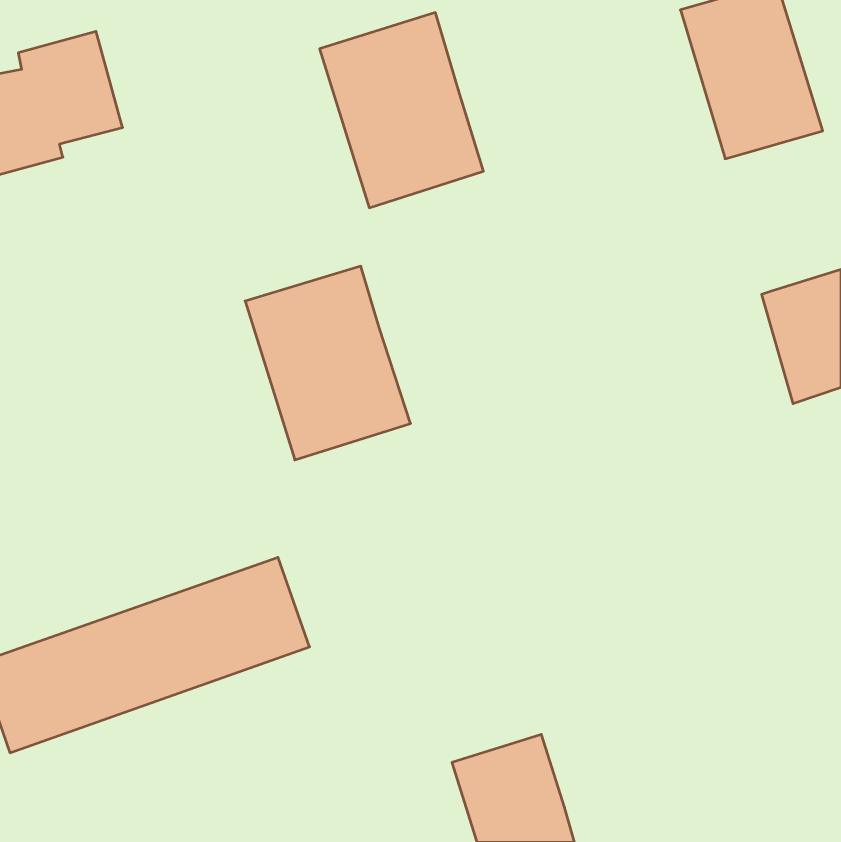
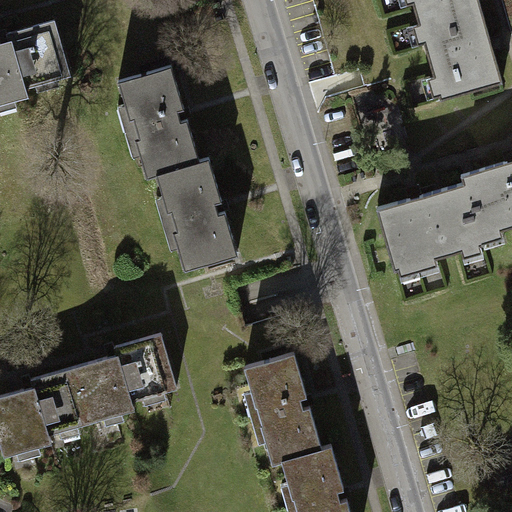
building: [320,13,483,208] -> [112,58,211,176]
building: none -> [374,184,479,275]
building: none -> [239,347,323,460]

